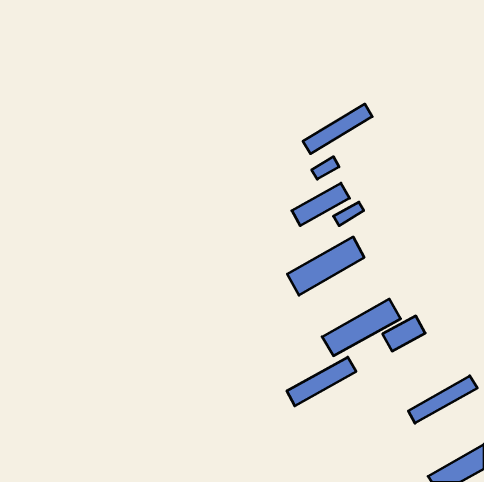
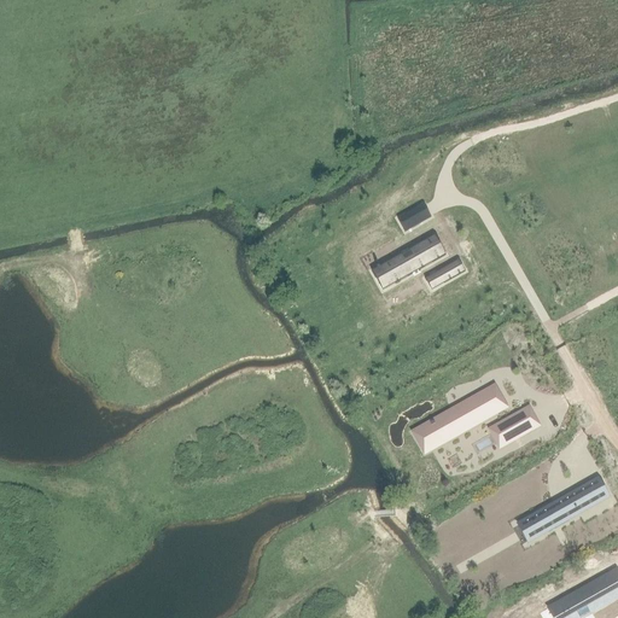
building: [303,104,372,154] -> none
building: [287,237,364,295] -> none
building: [287,357,356,406] -> none

